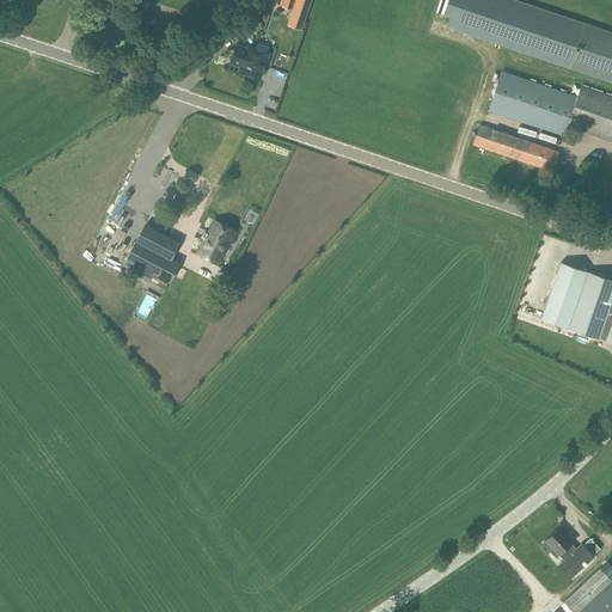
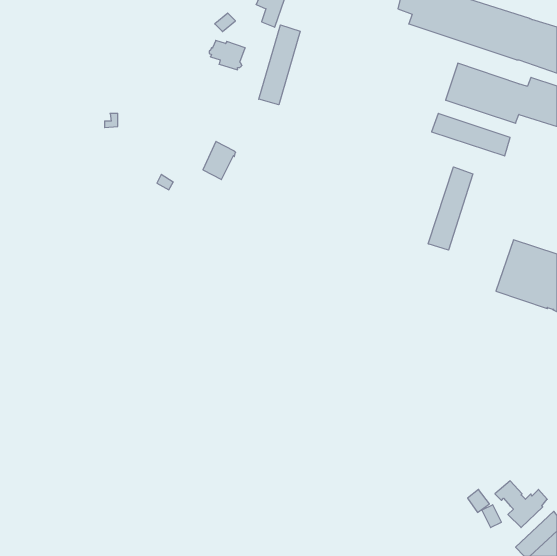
building: none -> [259,25,300,105]
building: none -> [428,167,473,250]
building: [198,221,234,263] -> [203,141,236,180]
building: [134,226,178,283] -> none

